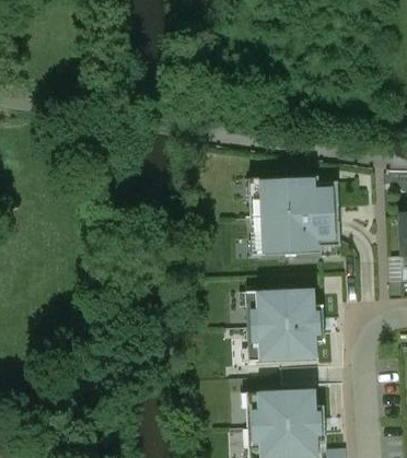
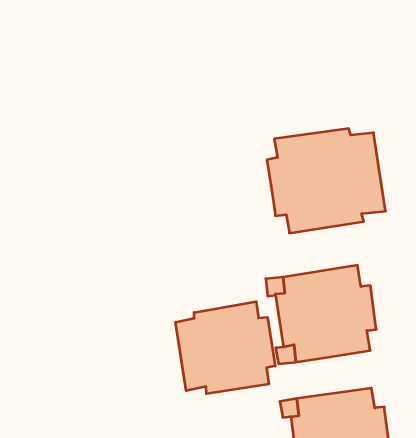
building: none -> [176,302,275,394]

